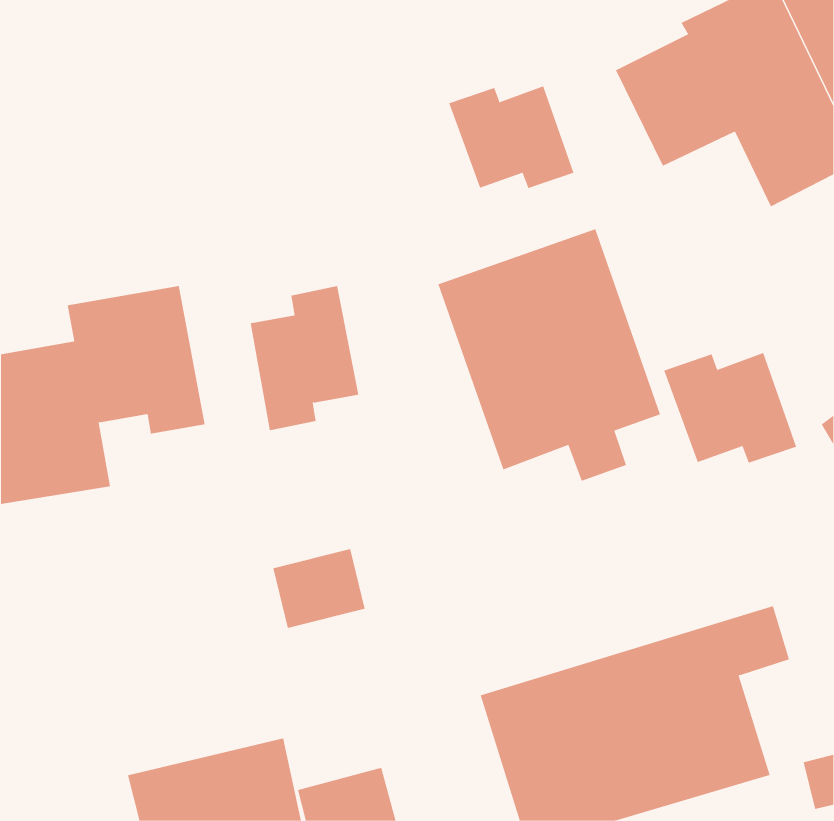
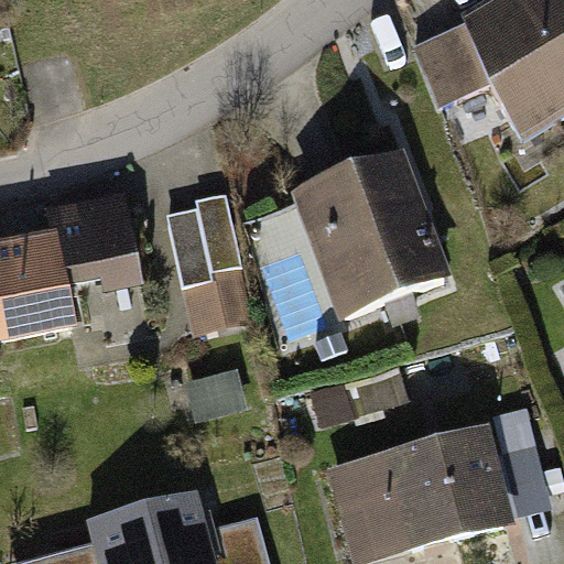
building: [449,86,574,189] -> none
building: [664,352,797,464] -> none

